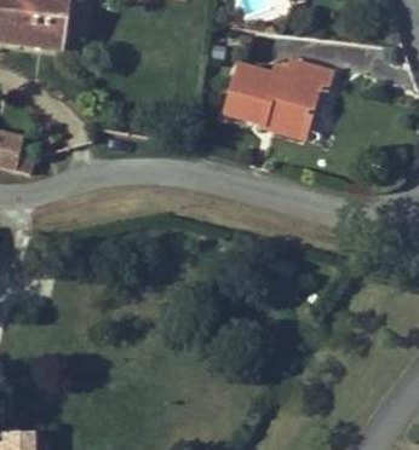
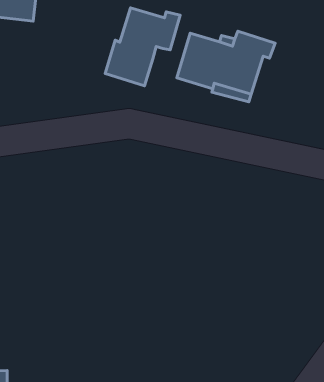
building: none -> [105,8,180,86]

